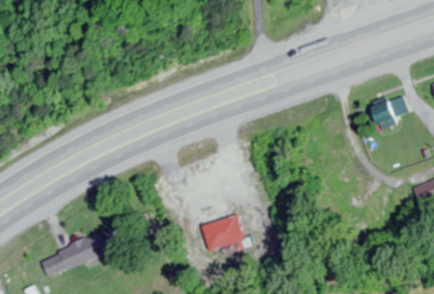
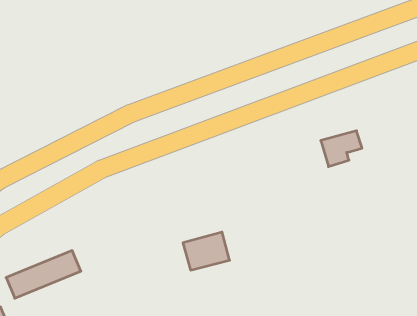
building: [371,97,409,130] -> [321,131,362,167]

